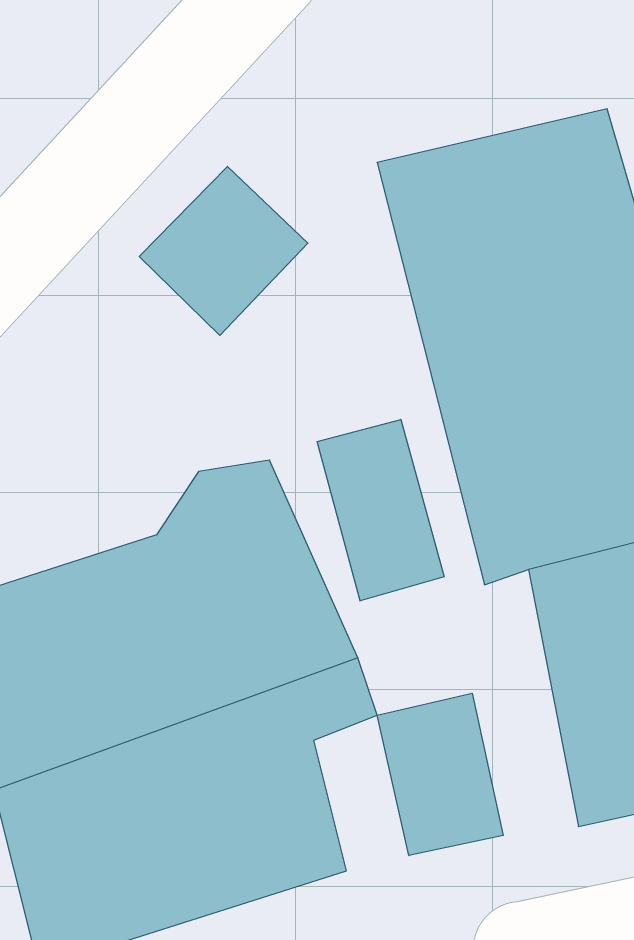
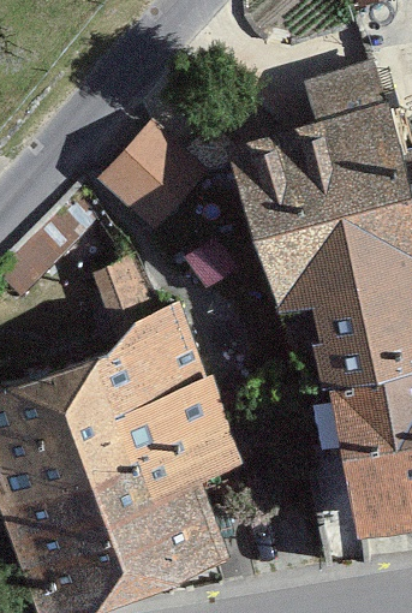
building: [317,419,444,601] -> none
building: [377,693,503,856] -> none

